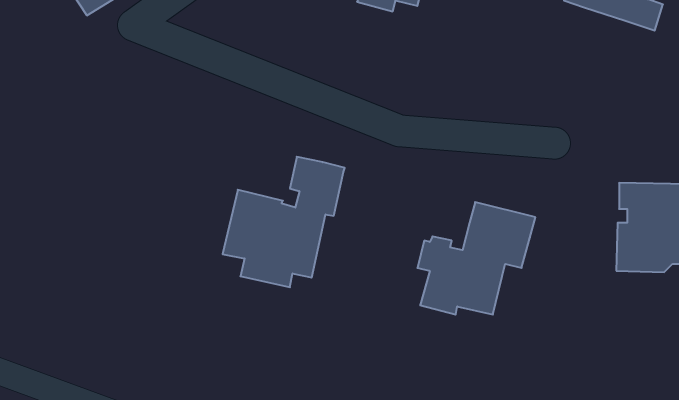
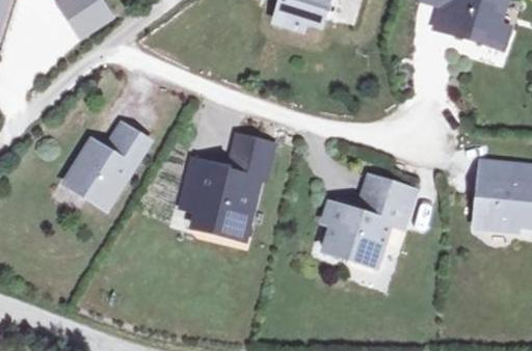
building: none -> [62,115,145,198]

